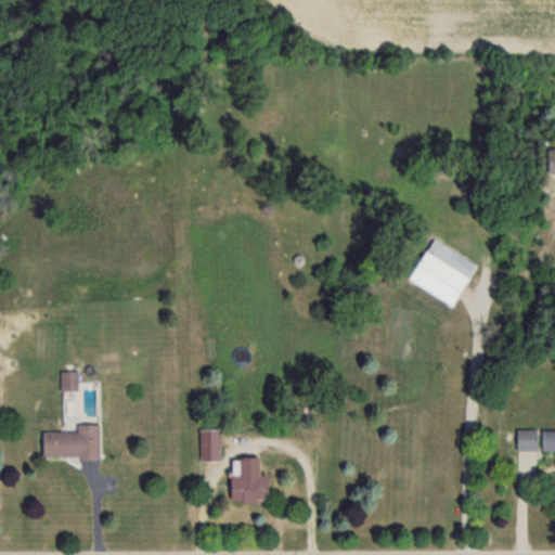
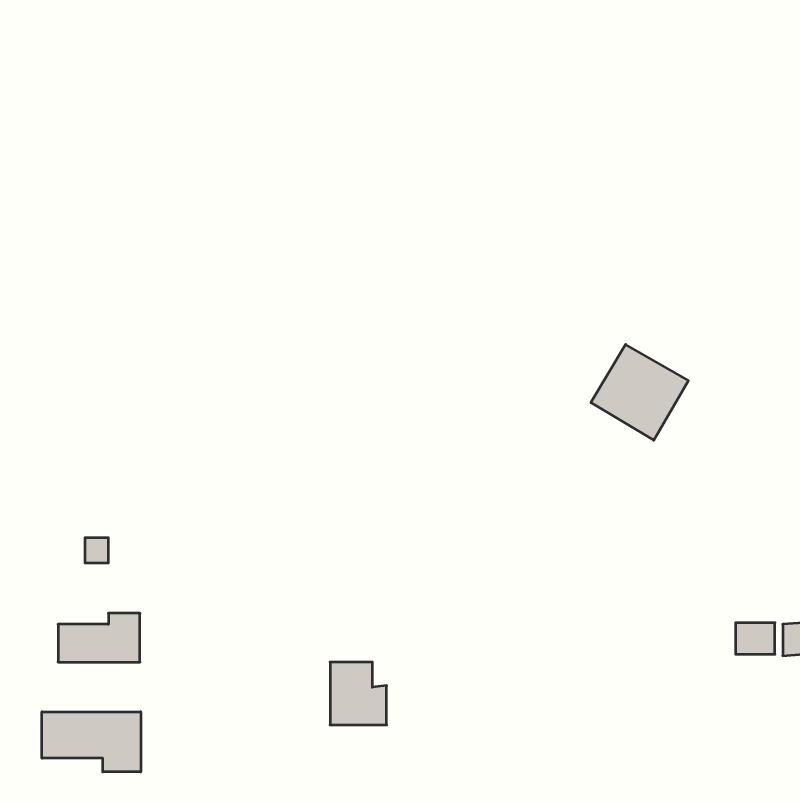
building: [201,429,221,462] -> none
building: none -> [42,712,141,772]

